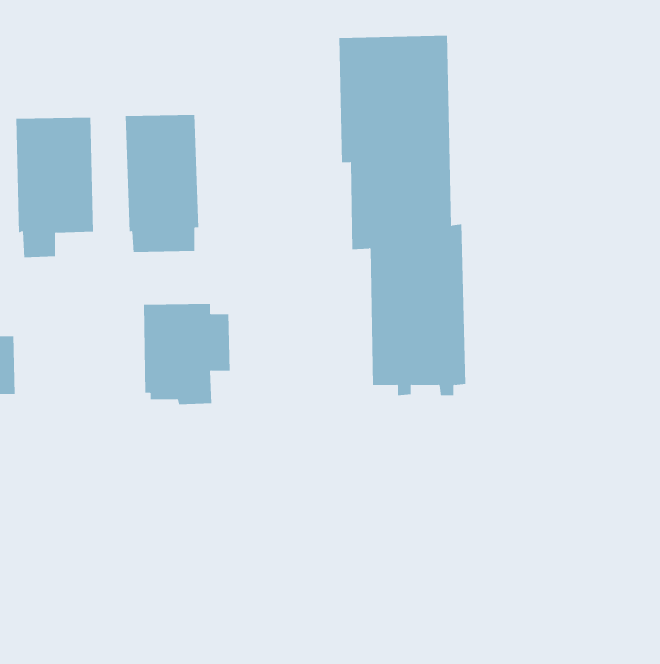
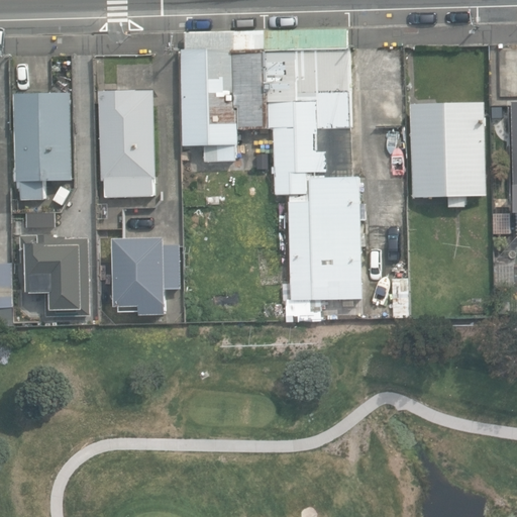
building: none -> [180,30,265,162]
building: none -> [409,102,485,208]
building: none -> [19,234,88,314]

